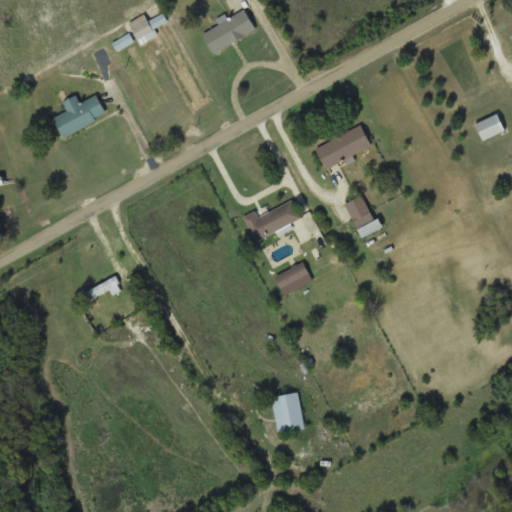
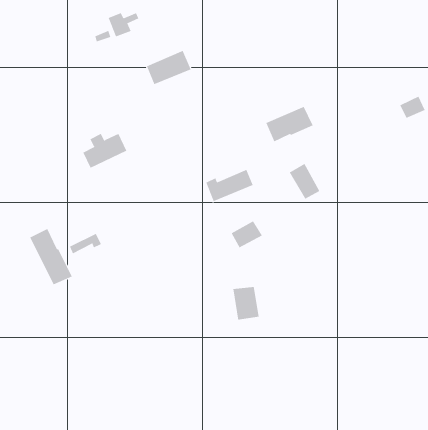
building: [202,11,256,52] -> [146,50,192,85]
building: [53,95,106,137] -> [83,133,127,169]
building: none -> [29,228,72,285]
building: [272,393,304,433] -> [232,286,259,320]

